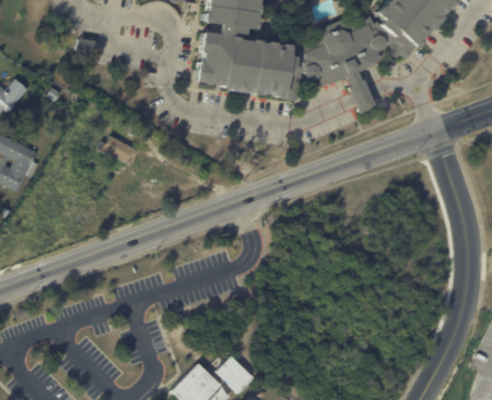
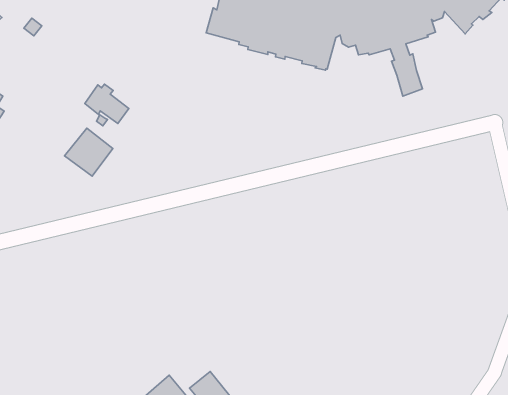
building: none -> [65,128,113,176]

